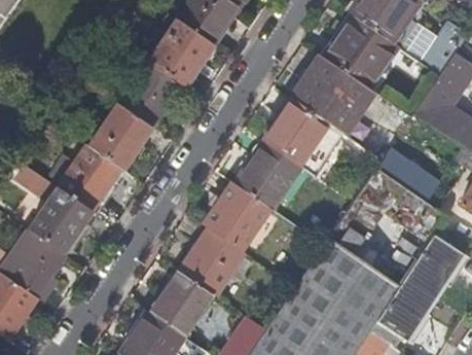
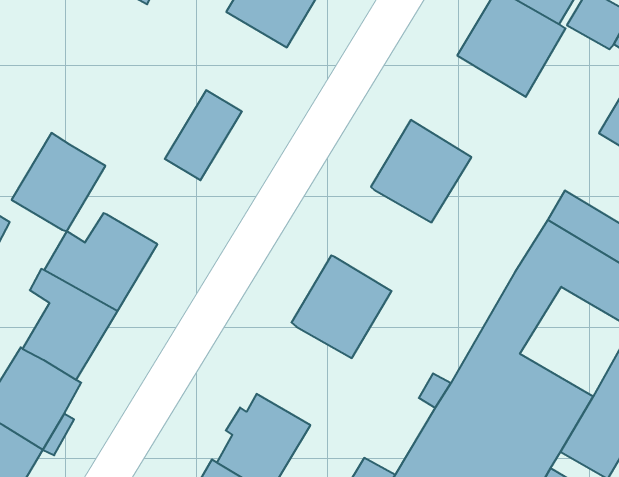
building: [147,19,214,86] -> none
building: [292,55,374,134] -> none
building: [89,104,152,169] -> [12,133,105,231]
building: [237,141,302,209] -> none
building: [180,227,246,294] -> none

